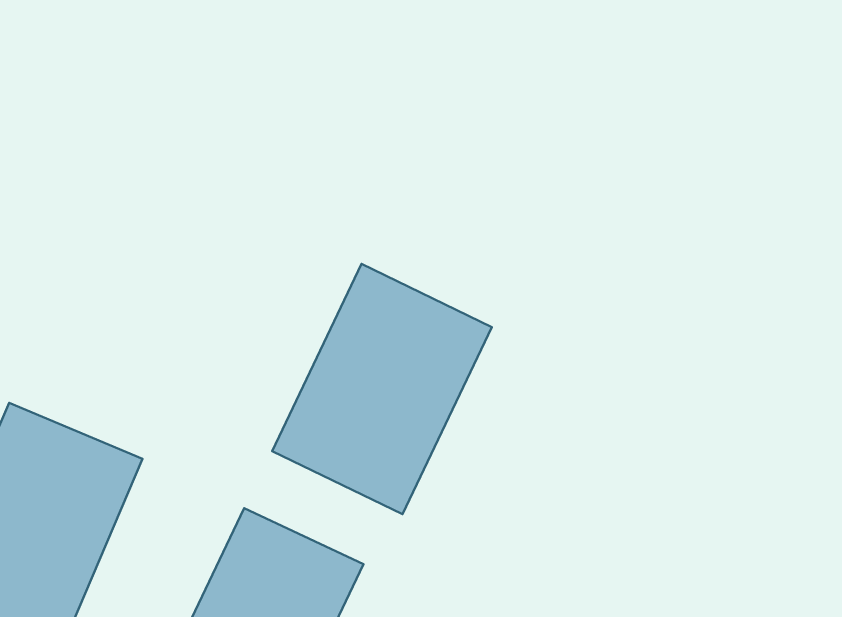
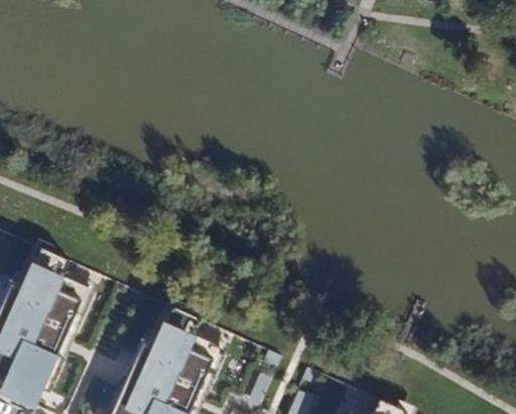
building: [272,264,492,514] -> none

